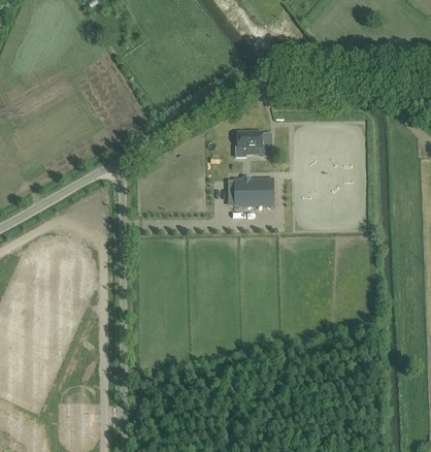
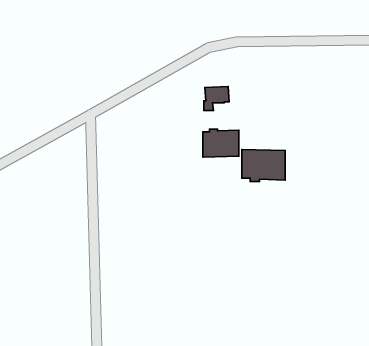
building: none -> [242,149,285,181]

